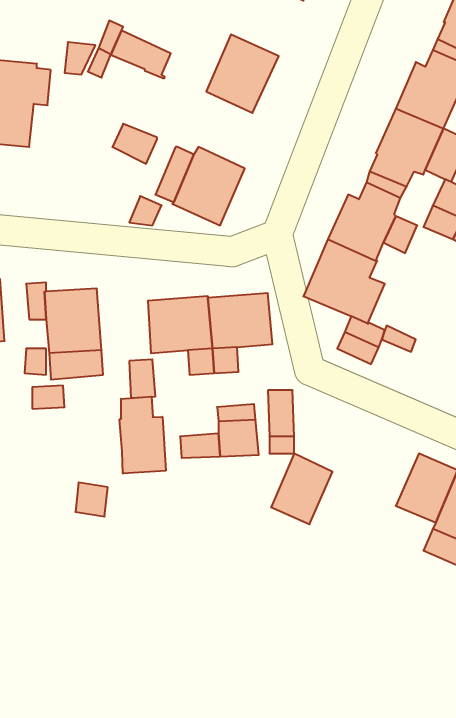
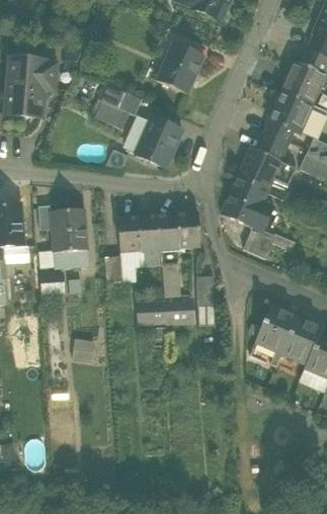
building: [111,30,171,78] -> [102,85,142,116]
building: [120,397,166,474] -> none
building: [271,453,333,524] -> [256,306,297,352]

